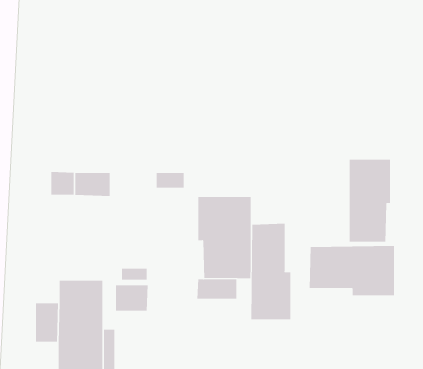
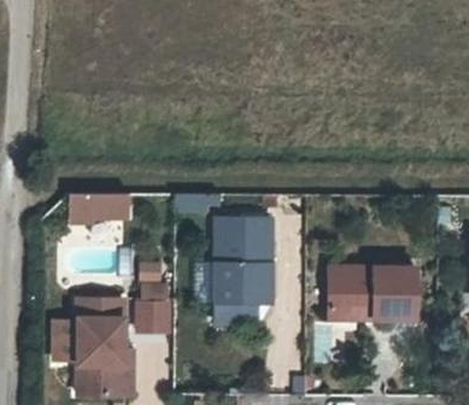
building: [349,159,391,242] -> none
building: [251,223,291,320] -> none

